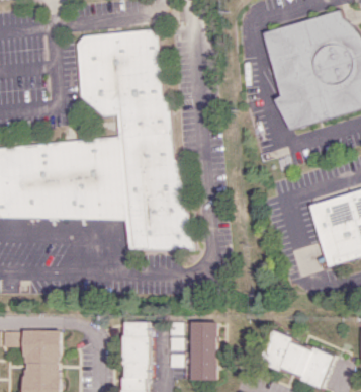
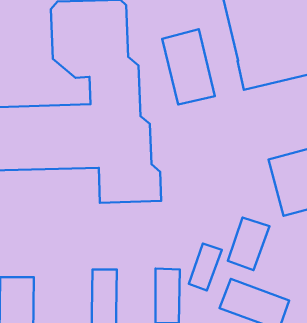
building: none -> [162,29,215,105]
building: none -> [228,217,270,270]
building: none -> [189,244,222,291]

